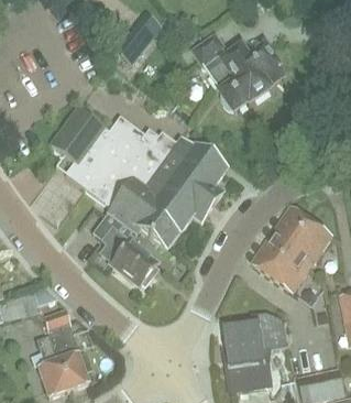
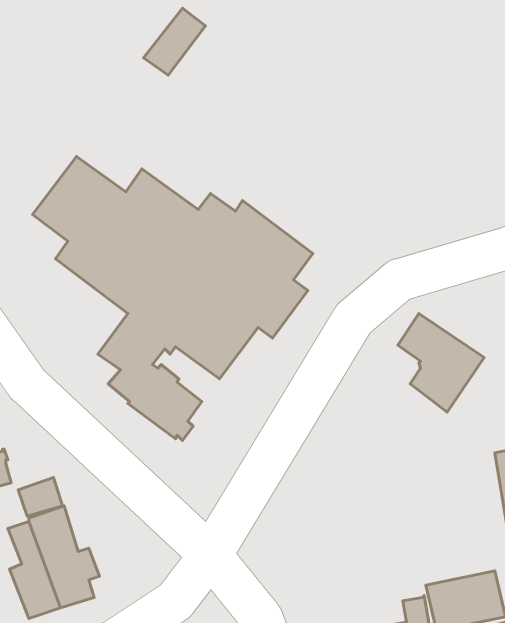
building: [193,34,284,110] -> none
building: [252,225,309,290] -> none
building: [224,314,286,388] -> none

